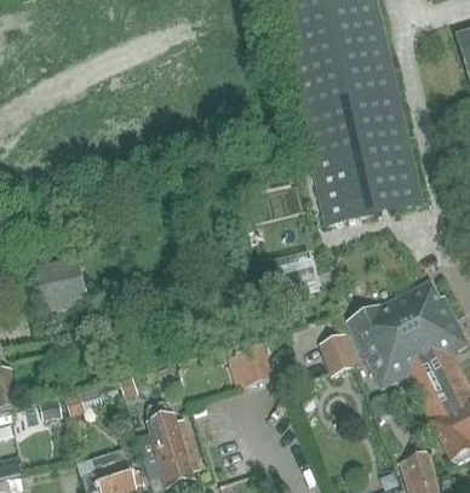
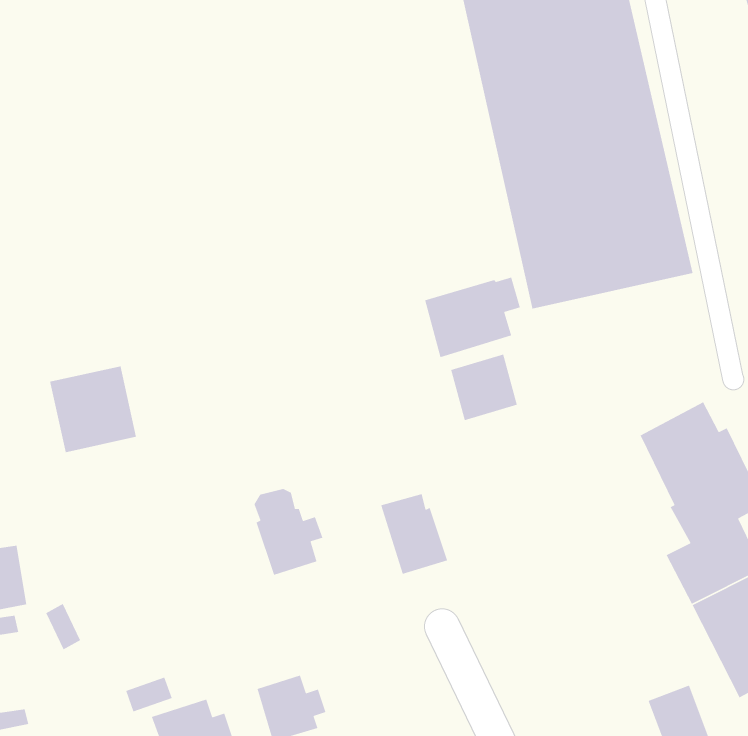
building: none -> [424,277,521,358]
building: [348,300,420,386] -> none
building: [319,332,356,376] -> none
building: [145,401,188,454] -> [254,488,323,576]

